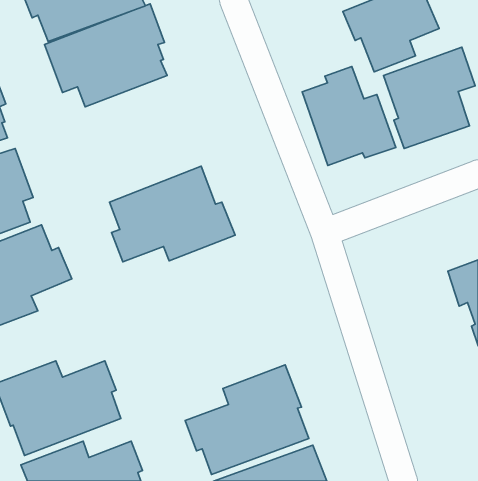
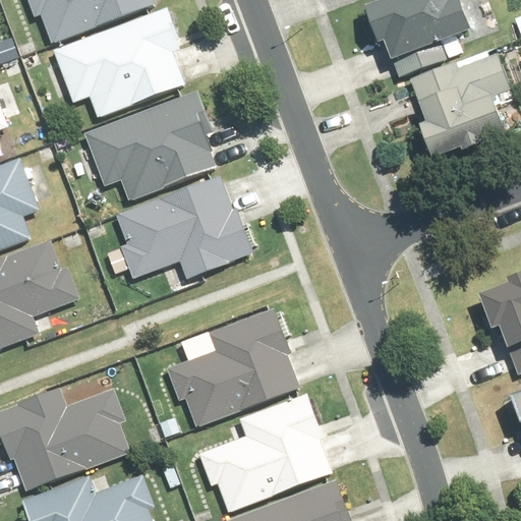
building: [302,67,396,166] -> none
building: none -> [73,85,206,195]
building: none -> [166,307,300,427]

